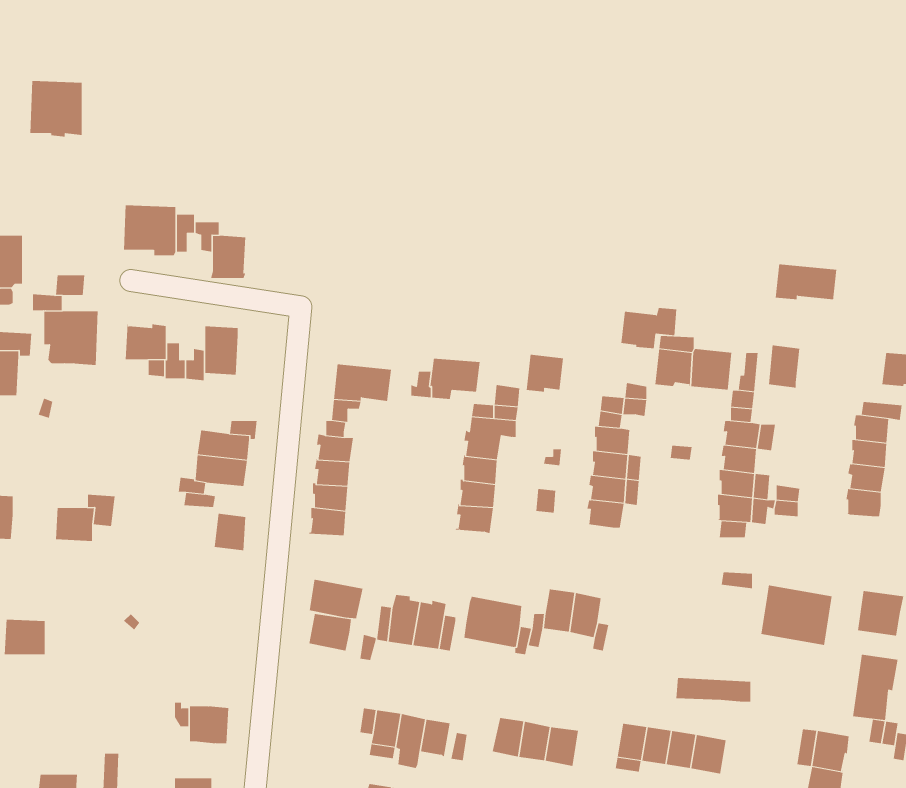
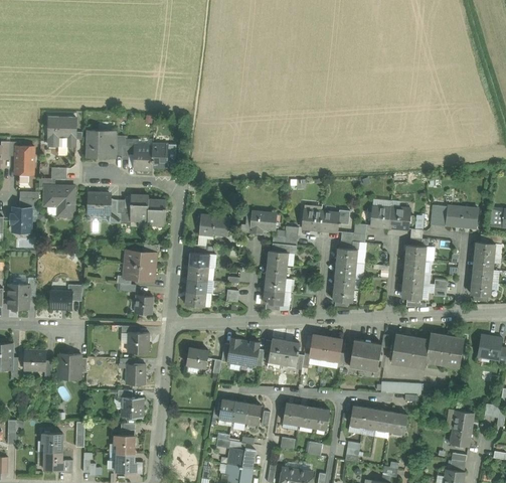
building: [30,81,83,137] -> [47,117,75,147]
building: none -> [151,144,168,167]
building: [775,264,837,304] -> [445,206,478,227]
building: [620,307,677,349] -> [319,209,349,231]
building: none -> [147,199,166,225]
building: [309,579,363,619] -> none
building: none -> [128,331,148,352]
building: none -> [390,333,429,366]
building: none -> [349,339,381,371]
building: none -> [58,353,80,379]
building: none -> [125,363,145,383]
building: [852,654,898,721] -> none

